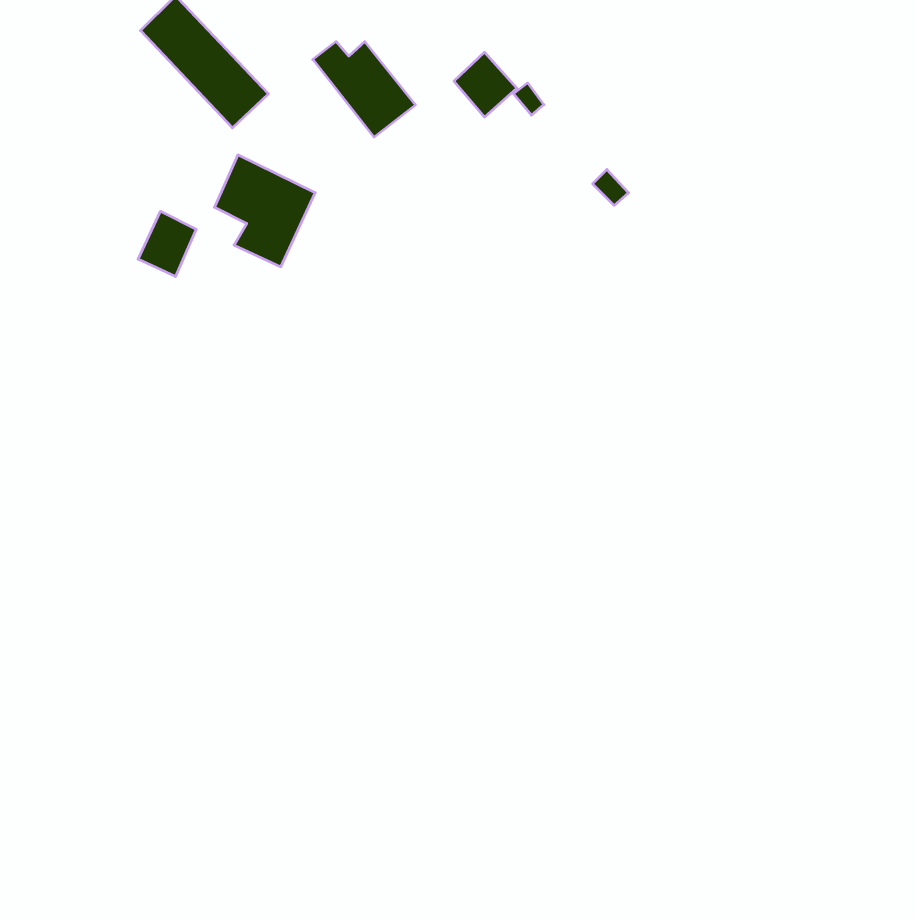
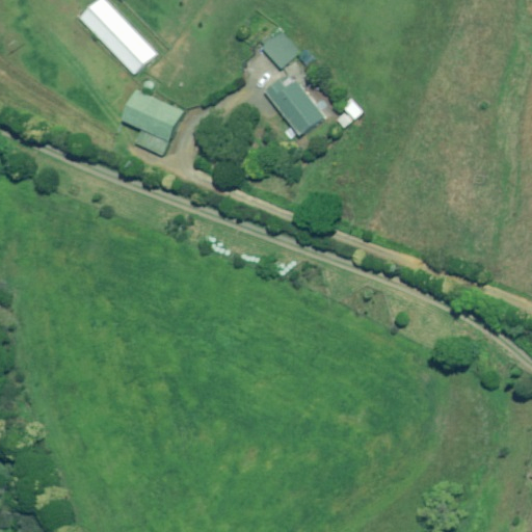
building: [313,42,415,137] -> [265,80,324,135]
building: [138,211,196,277] -> none

